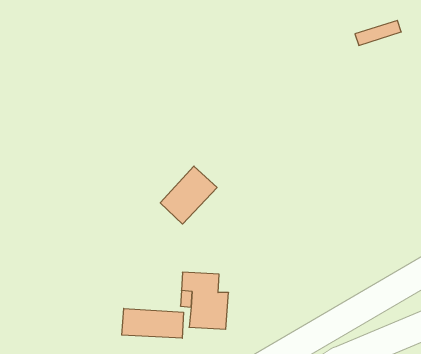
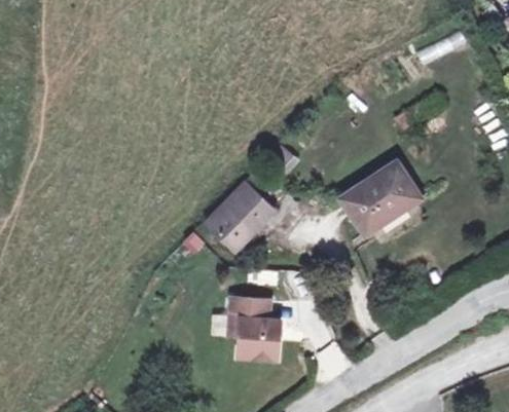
building: none -> [341,159,417,229]
building: [122,308,183,338] -> none

